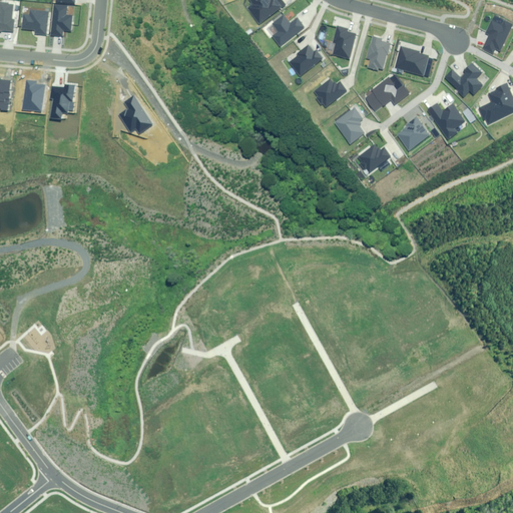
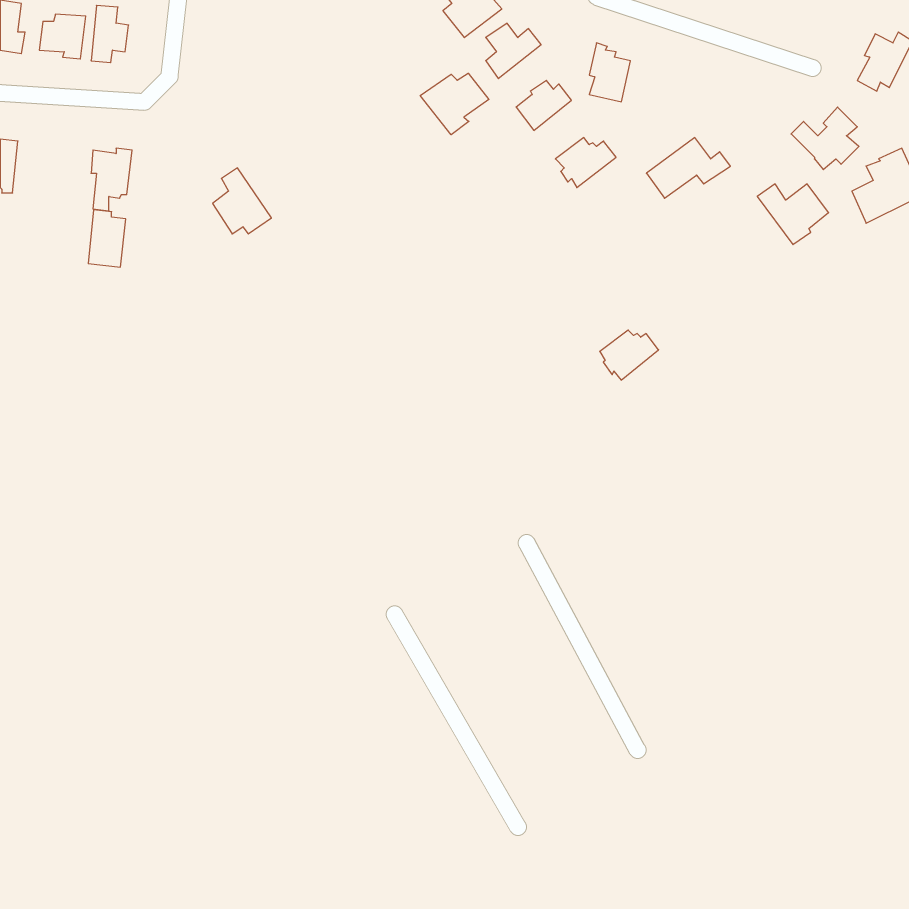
building: [367,38,389,70] -> none
building: none -> [420,73,489,135]
building: [395,47,430,75] -> none
building: [25,78,46,110] -> [88,210,126,267]
building: [335,106,366,142] -> none
building: [398,115,431,148] -> none
building: [359,143,392,171] -> [600,330,659,380]

